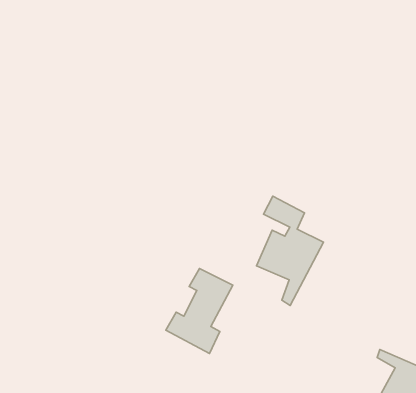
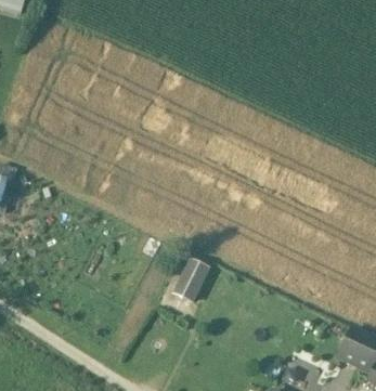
building: [256,196,324,305] -> none

